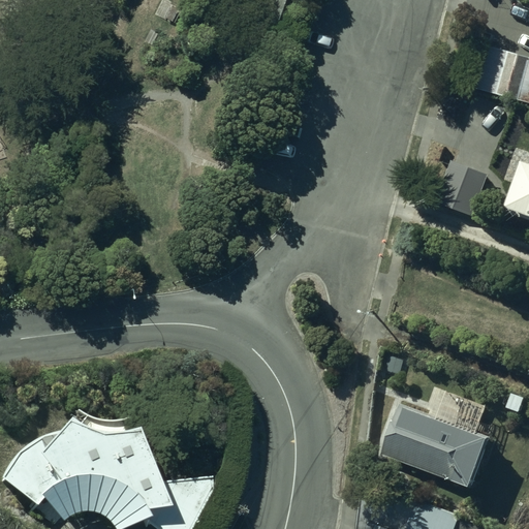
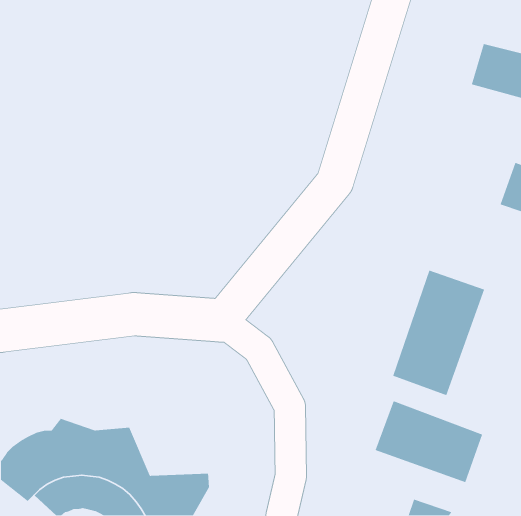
building: [441,162,488,213] -> none
building: none -> [392,269,485,396]

